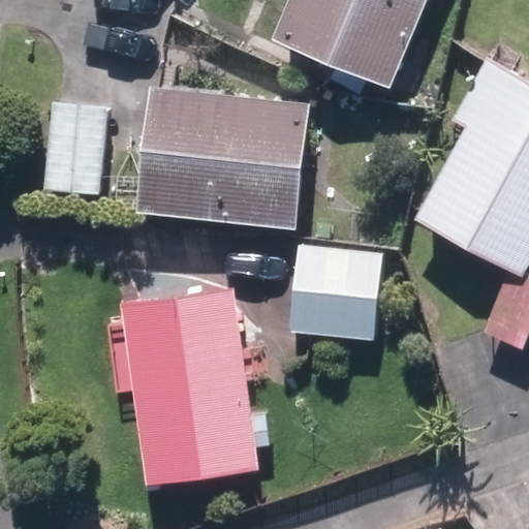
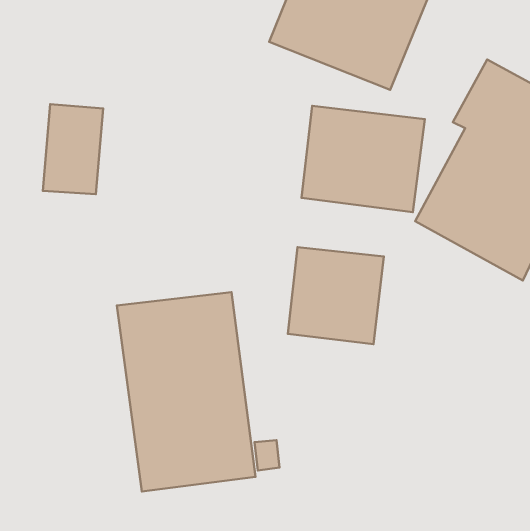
building: [135,88,307,229] -> none
building: none -> [302,106,425,212]

